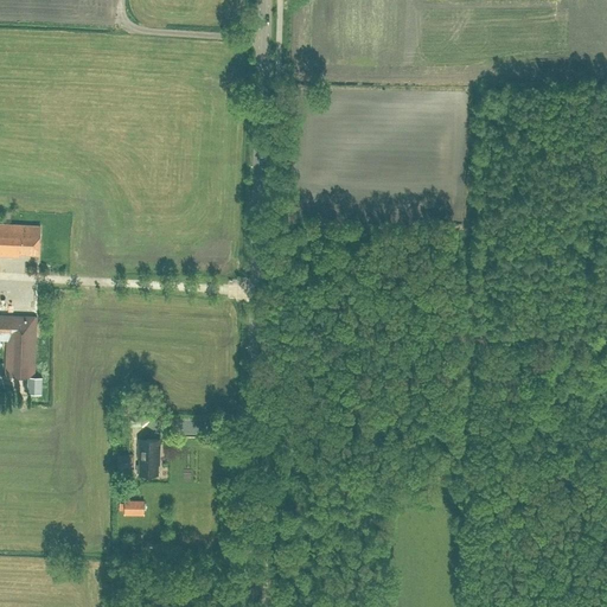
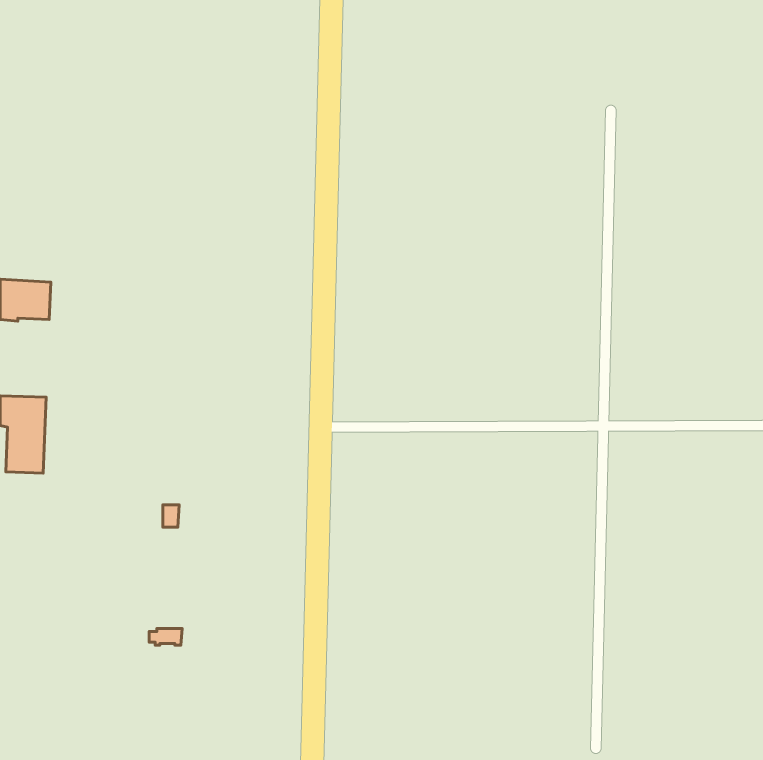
building: [136,441,159,475] -> none

